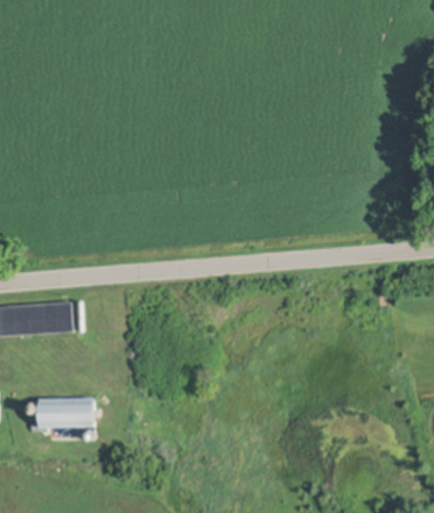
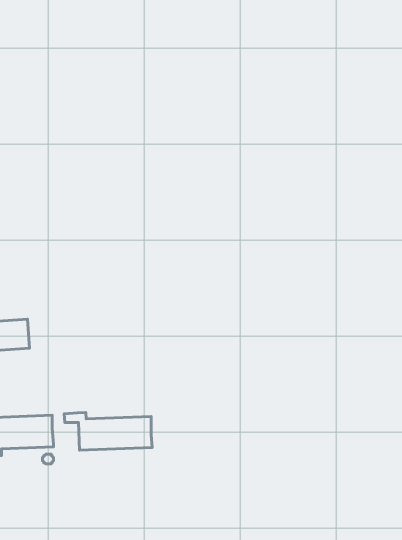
building: none -> [64,412,152,450]

